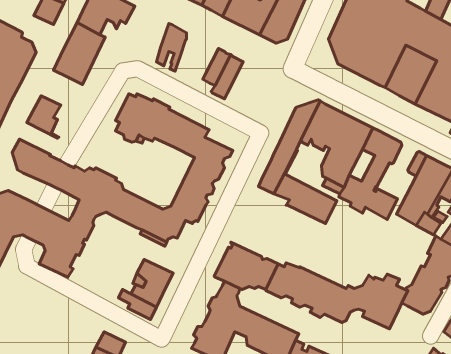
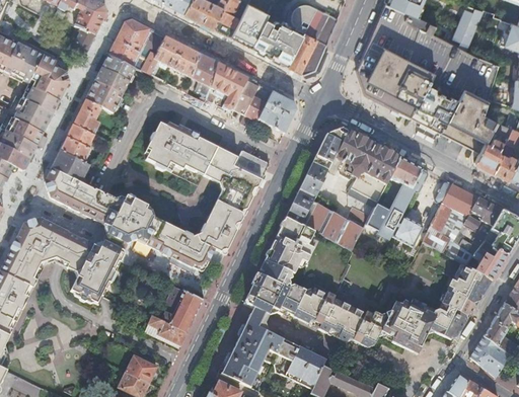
building: none -> [141,36,199,77]
building: none -> [210,63,247,111]
building: none -> [256,91,295,133]
building: none -> [73,99,99,134]
building: none -> [234,150,268,178]
building: none -> [52,151,89,182]
building: none -> [260,214,317,283]

